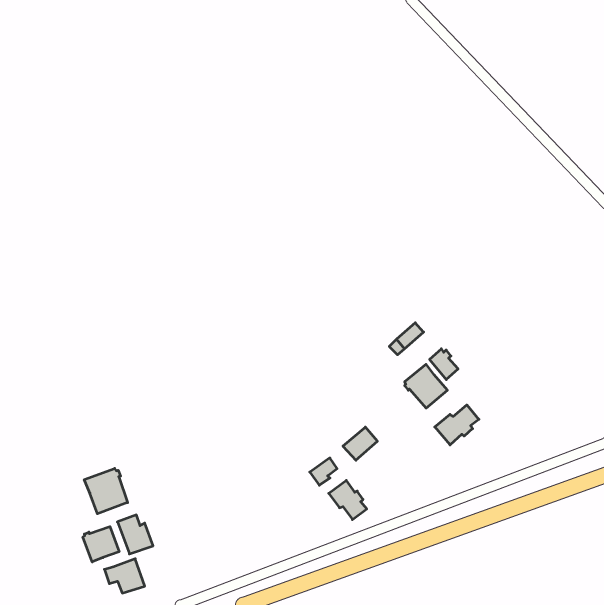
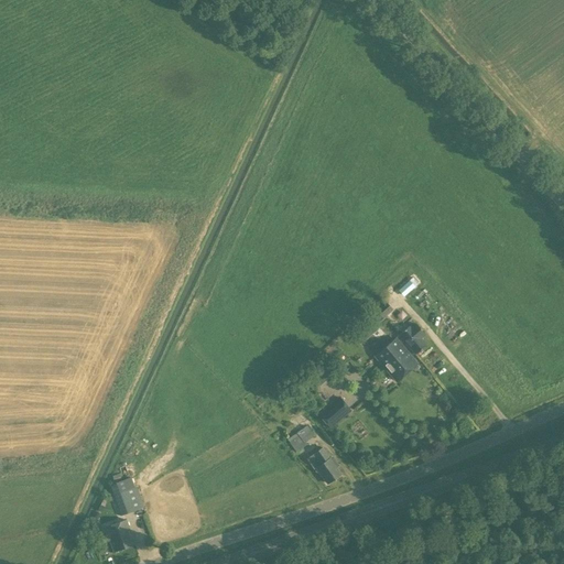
building: [435,405,479,445] -> none
building: [84,468,128,514] -> none
building: [83,527,119,562] -> none

